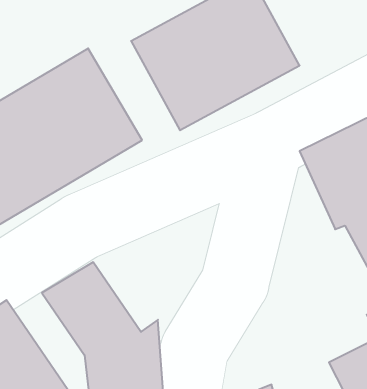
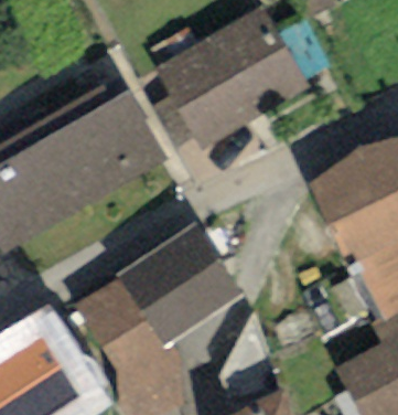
building: none -> [115,216,240,340]

